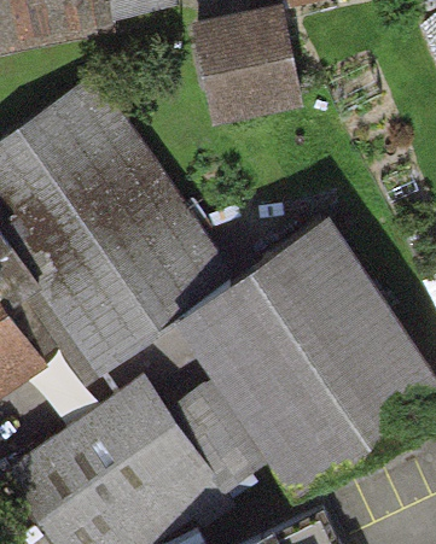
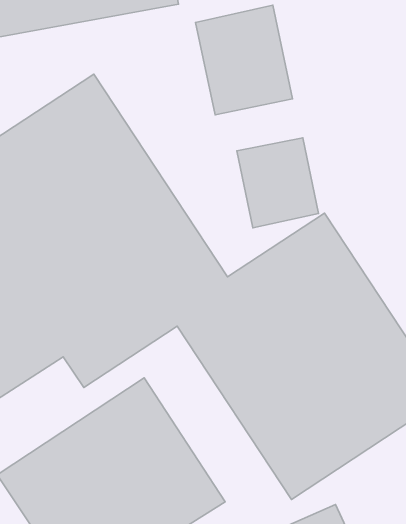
building: none -> [237,138,318,228]

